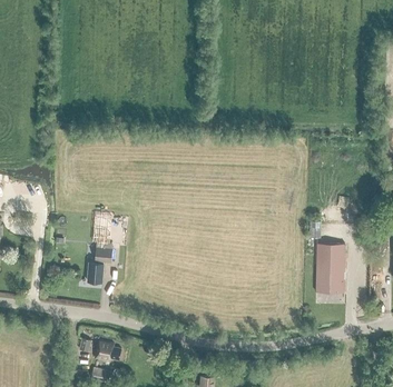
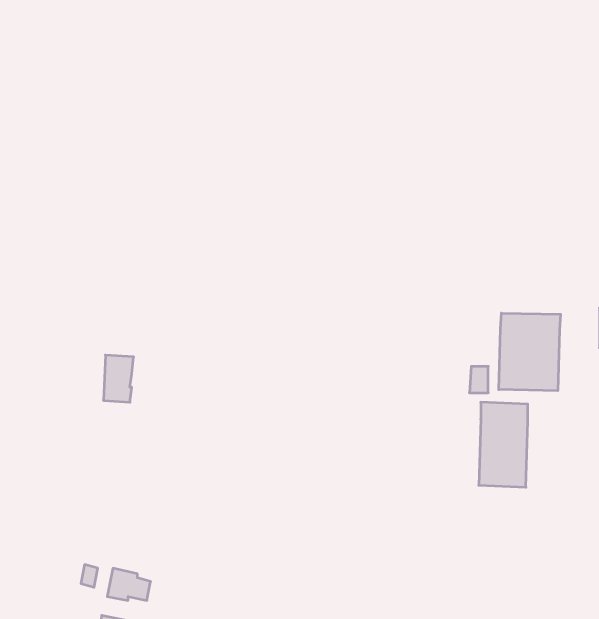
building: none -> [499,313,561,391]
building: [87,246,112,281] -> none

